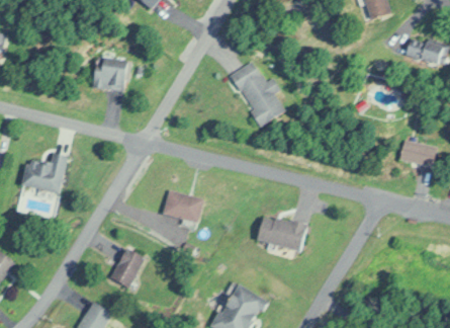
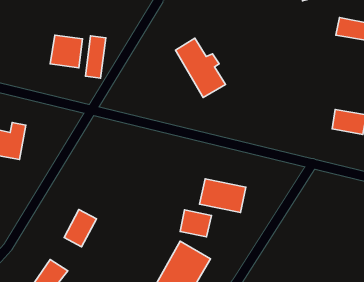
building: none -> [85,36,106,78]
building: [164,189,203,222] -> none
building: none -> [180,210,211,237]

